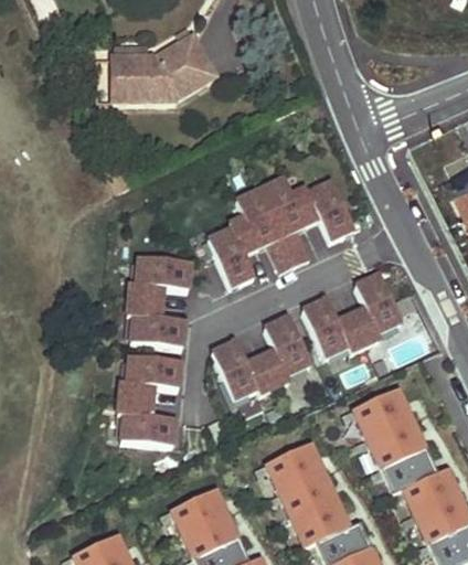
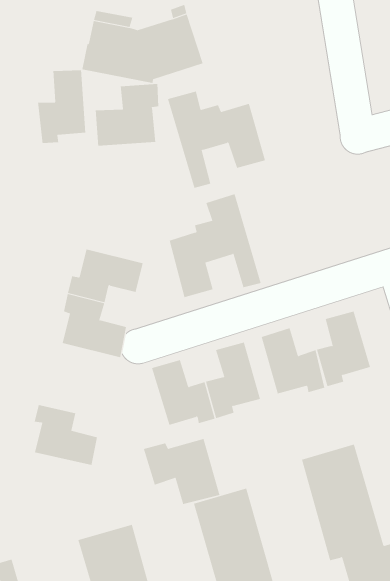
building: none -> [38,69,86,144]
building: none -> [95,83,159,147]
building: [259,178,353,263] -> [167,91,266,189]
building: [118,355,181,401] -> none
building: none -> [143,438,220,505]

